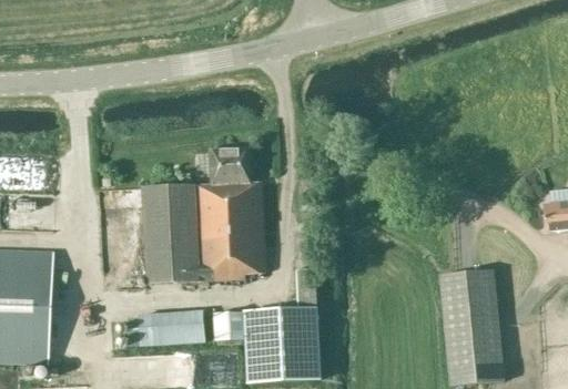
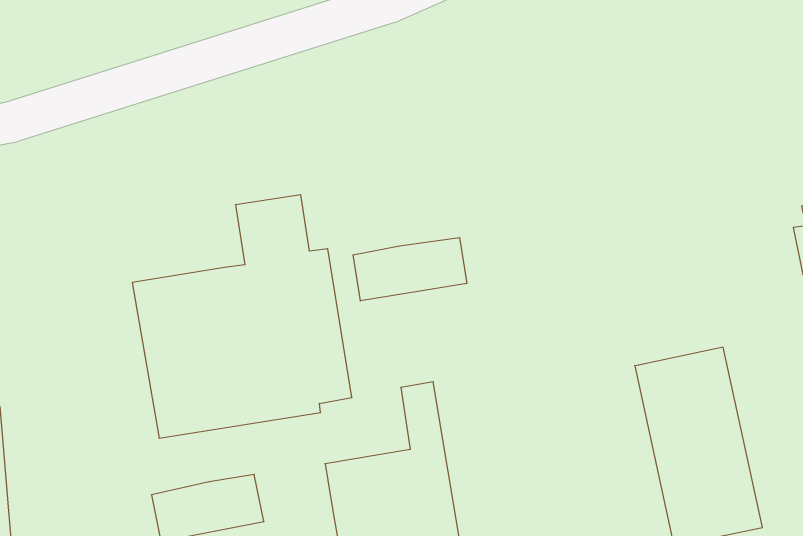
building: none -> [353,238,467,301]
building: [214,309,245,340] -> none

